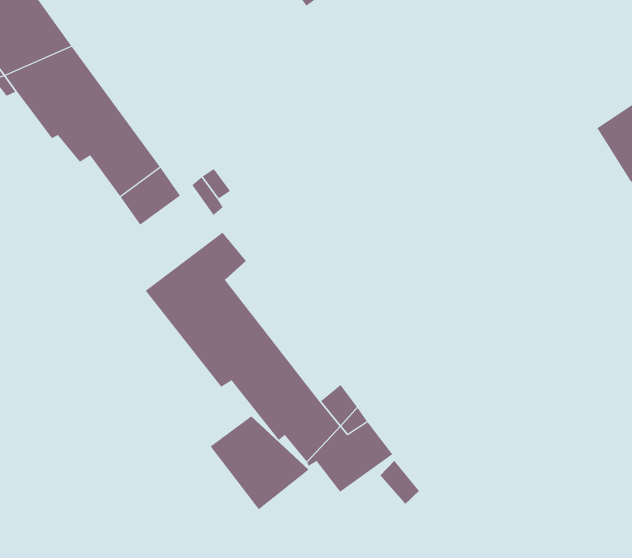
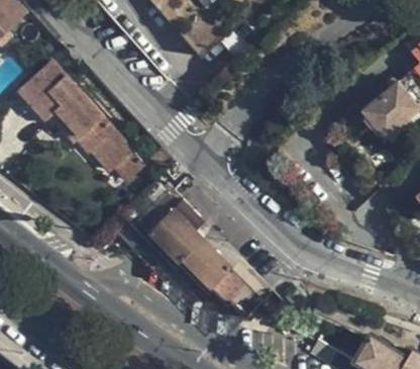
building: [210,416,309,510] -> none

